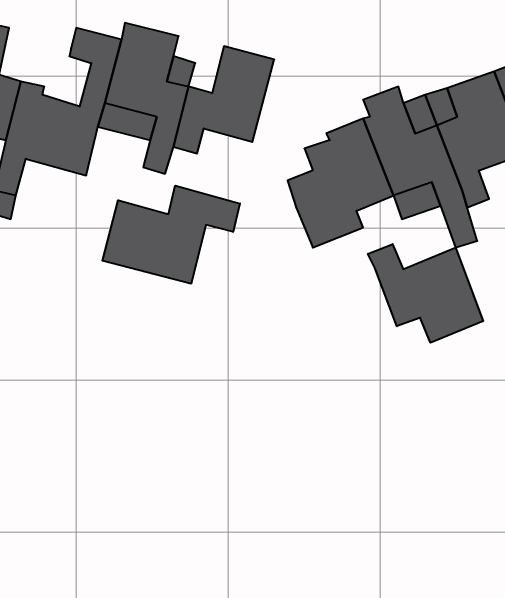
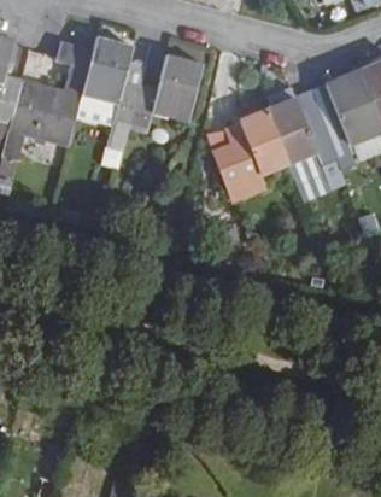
building: [102,186,240,284] -> none
building: [368,244,483,343] -> none

